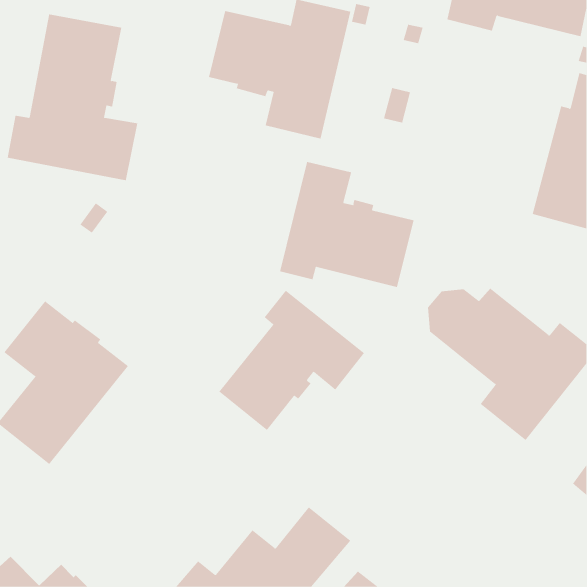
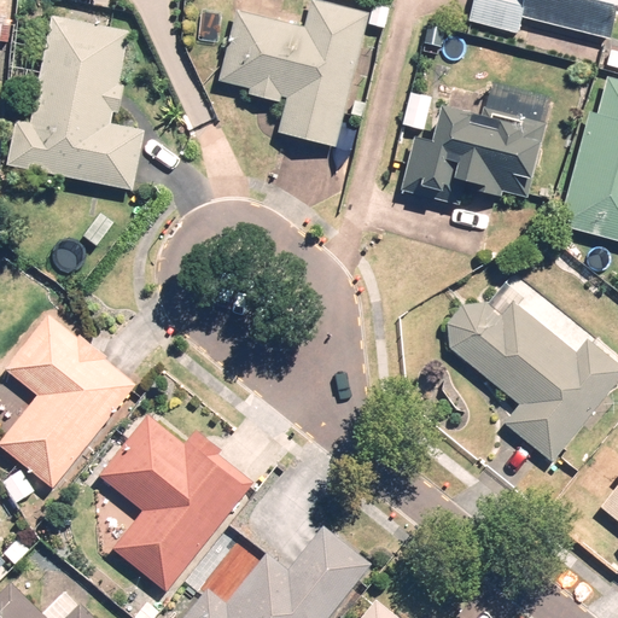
building: none -> [401,82,552,204]
building: [279,161,414,288] -> none
building: [218,290,365,431] -> none
building: none -> [98,414,252,591]

